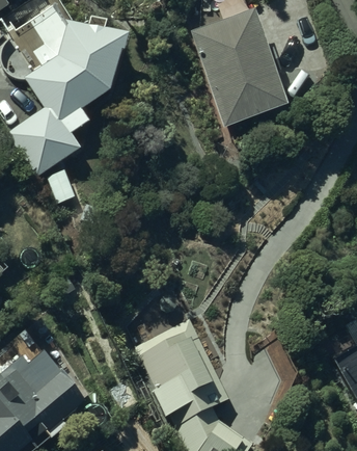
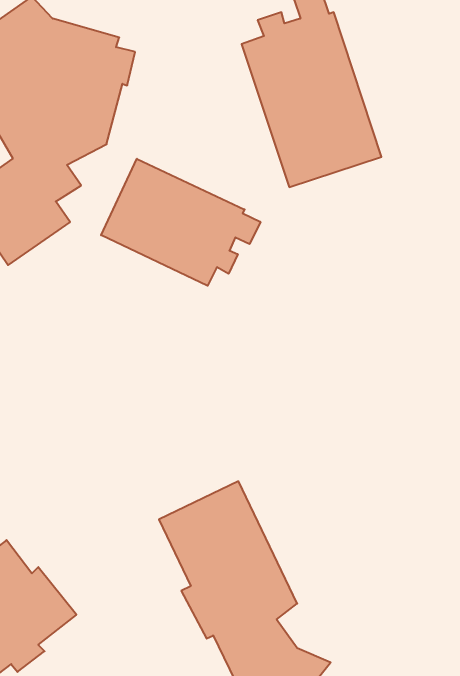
building: none -> [101,159,260,286]

